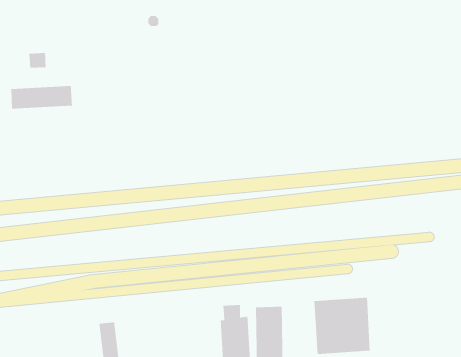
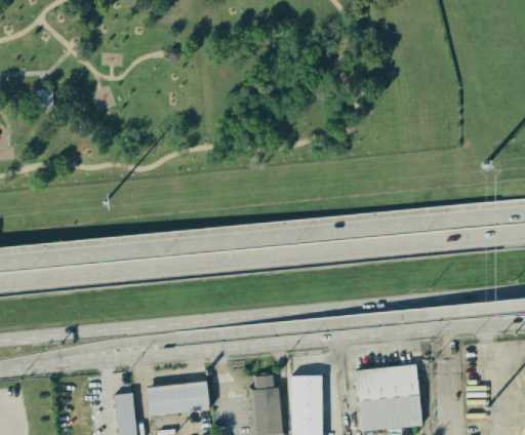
building: [11,85,73,109] -> none
building: none -> [147,381,210,416]

